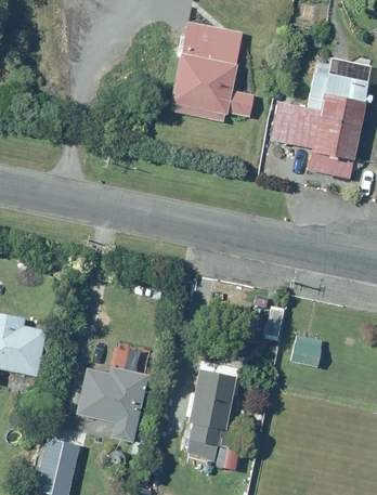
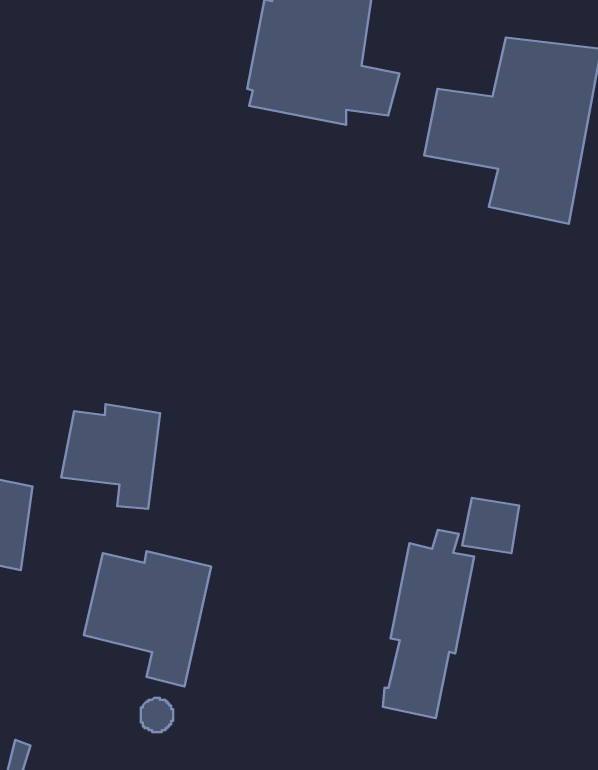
building: none -> [61,404,160,509]
building: [183,361,235,468] -> [383,530,474,718]
building: [39,438,88,484] -> none

